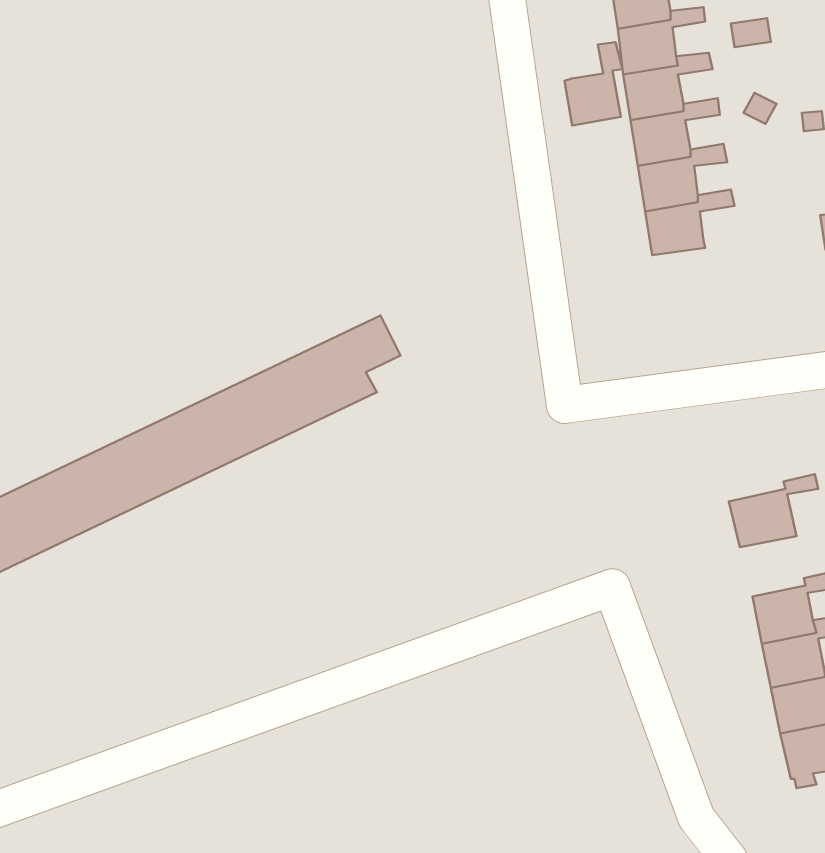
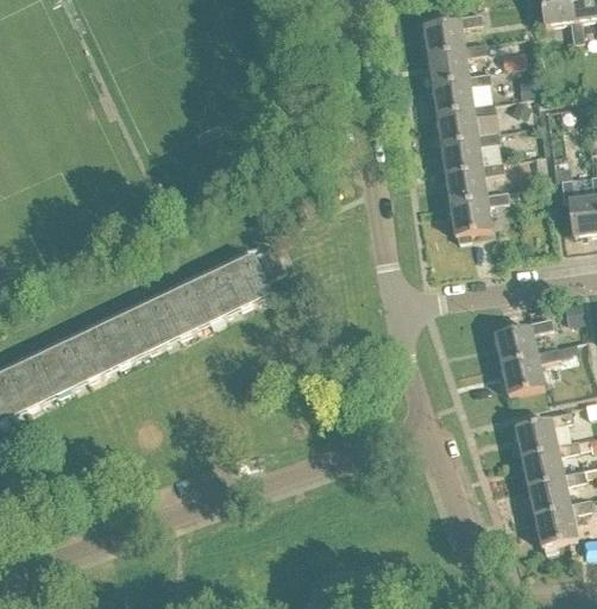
building: [564,42,622,126] -> none
building: none -> [451,189,508,239]
building: none -> [495,314,553,363]

